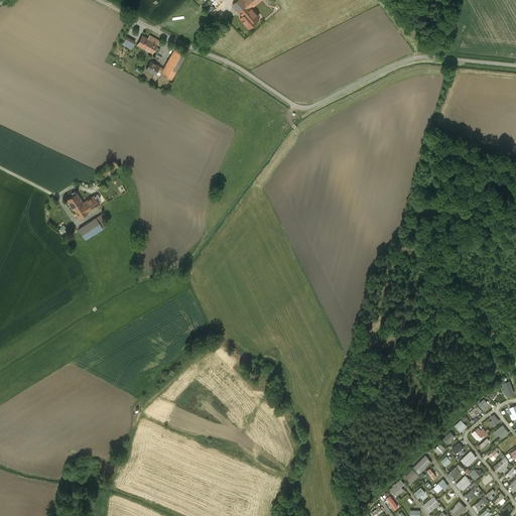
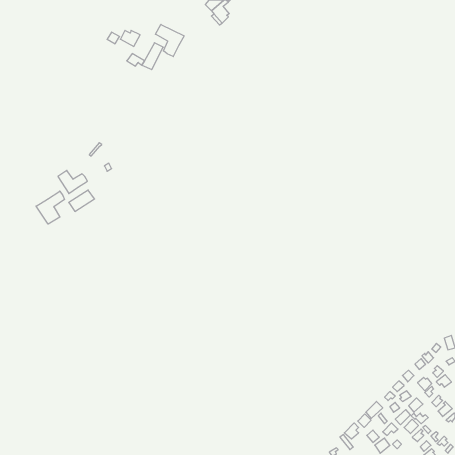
building: none -> [155,24,184,57]
building: none -> [36,191,64,224]

